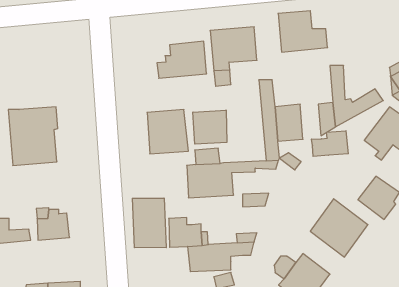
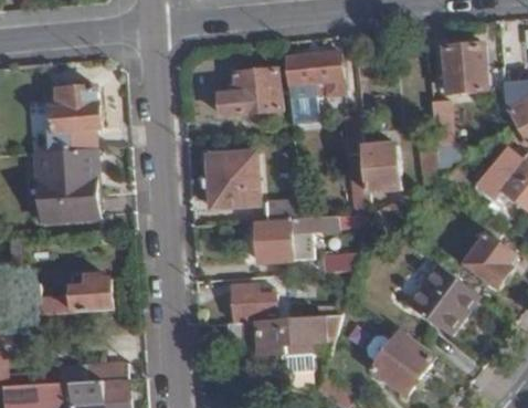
building: [278,11,328,52] -> [443,40,504,91]
building: none -> [49,84,99,153]
building: [193,110,227,144] -> none
building: [312,131,348,156] -> none
building: [132,198,166,248] -> none

